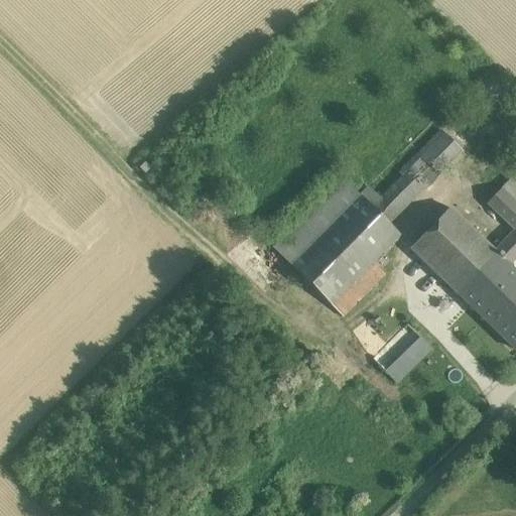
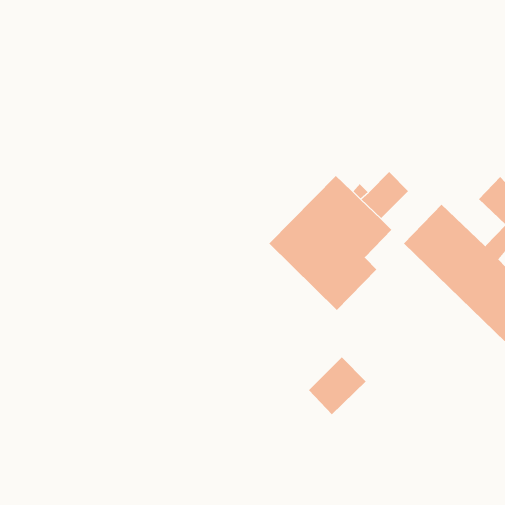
building: [397,130,462,195] -> none
building: [373,324,432,383] -> [308,357,366,415]

